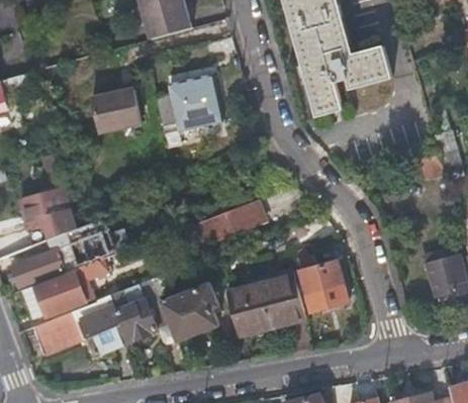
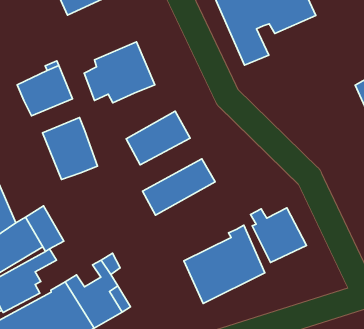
building: none -> [42,117,98,179]
building: none -> [126,111,190,165]
building: [161,286,224,347] -> none

